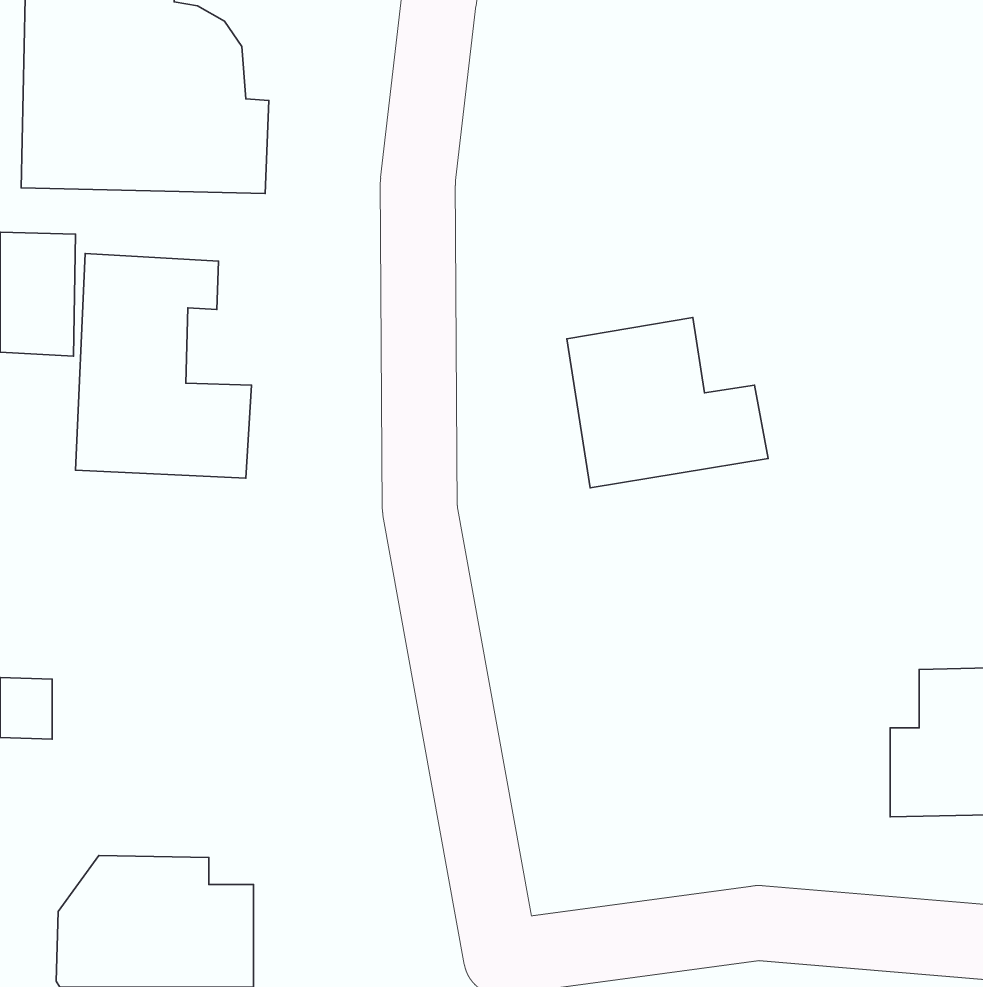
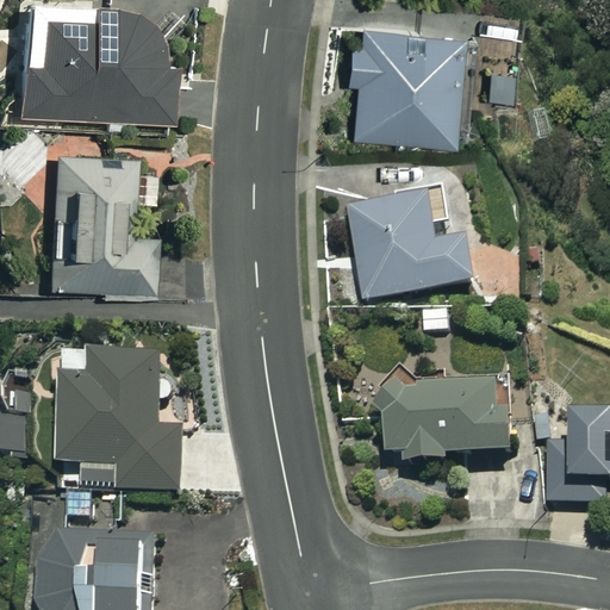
building: none -> [346,18,455,137]
building: none -> [61,351,230,490]
building: none -> [384,384,512,461]

